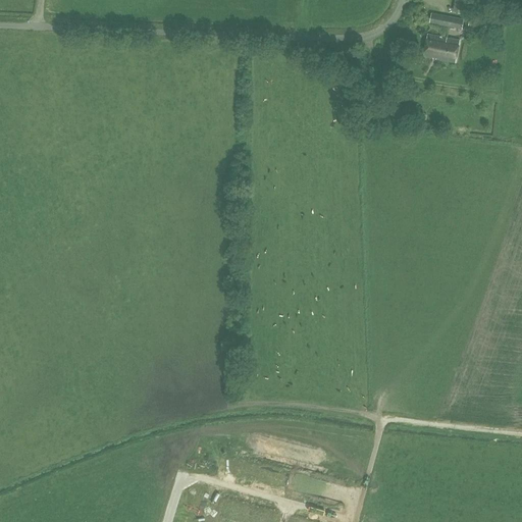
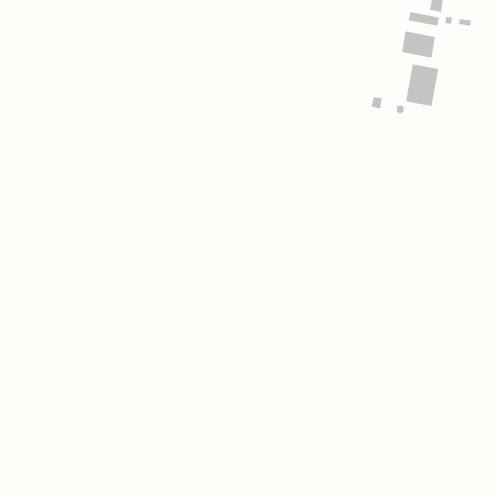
building: none -> [405,63,439,107]

